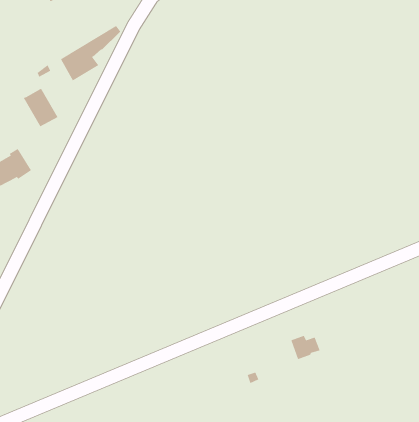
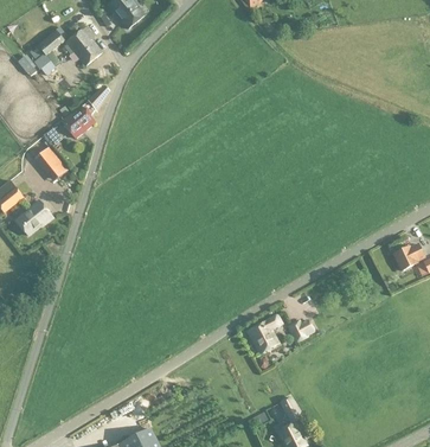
building: none -> [245,314,281,353]

